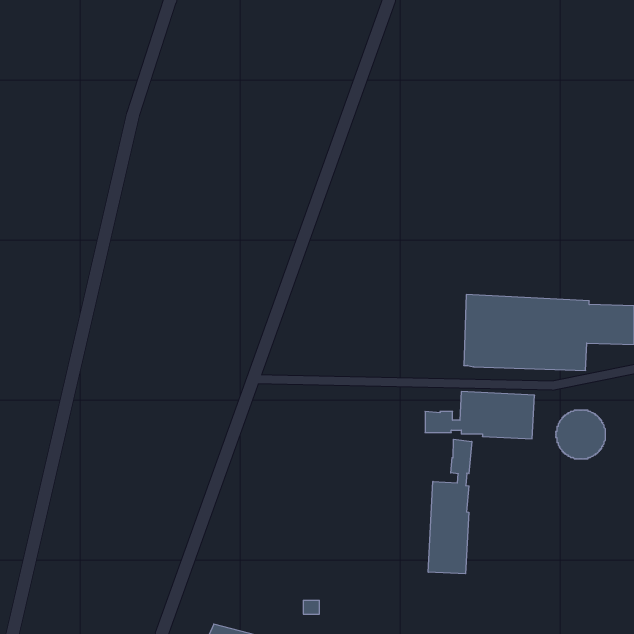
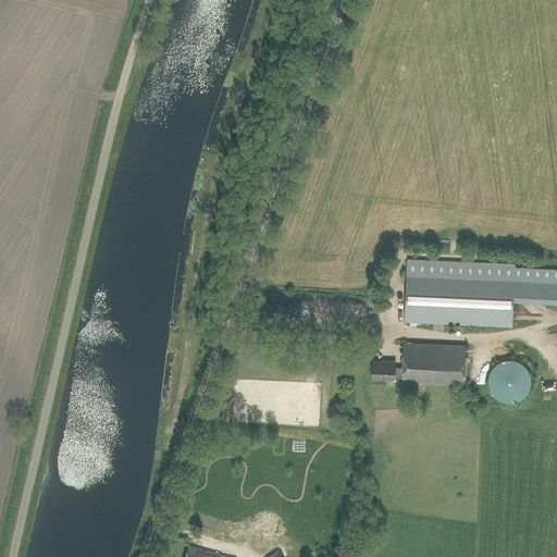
building: [428,439,472,574] -> none

